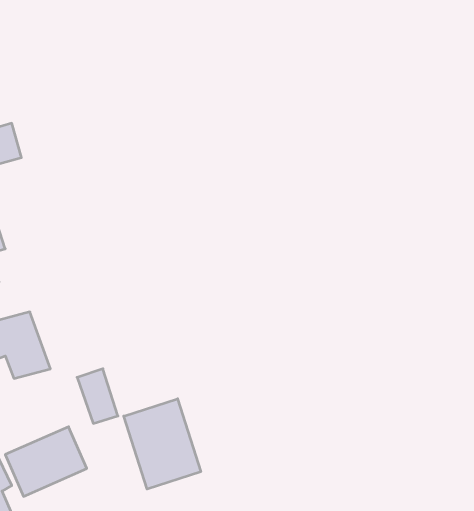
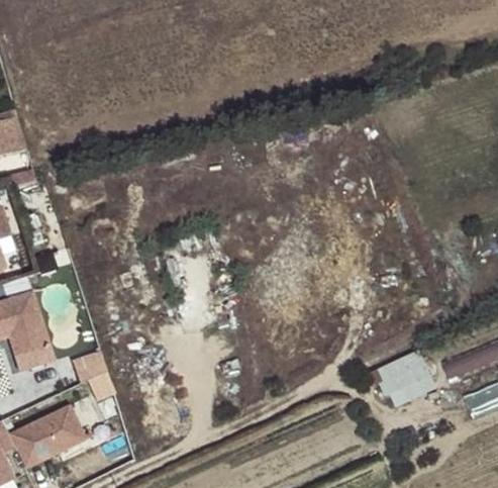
building: none -> [363,353,434,408]
building: [124,399,201,489] -> none

